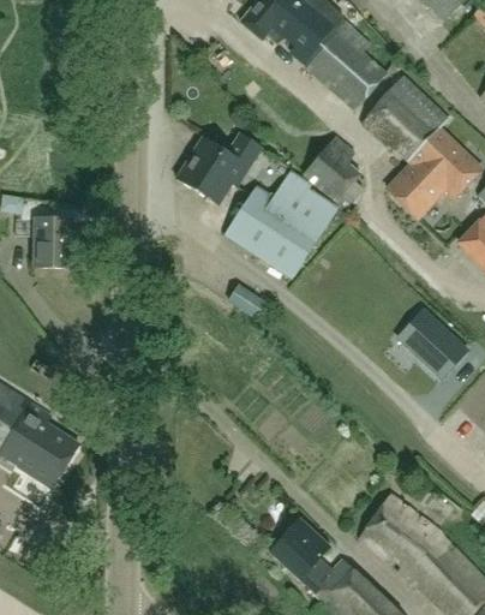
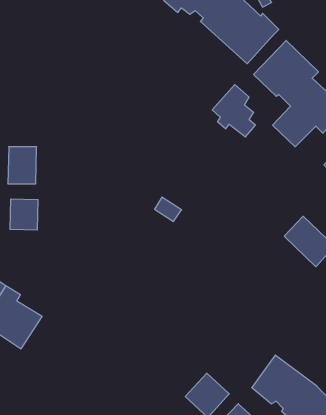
building: [176,131,262,204] -> none
building: [224,171,336,277] -> none
building: none -> [10,199,38,230]

